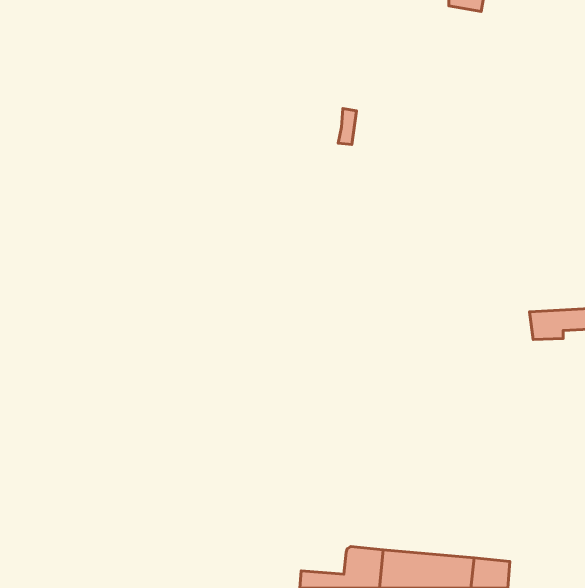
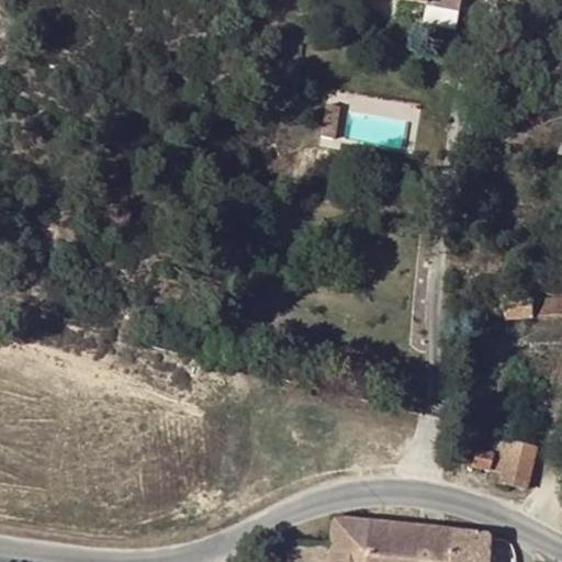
building: none -> [476,436,543,490]

